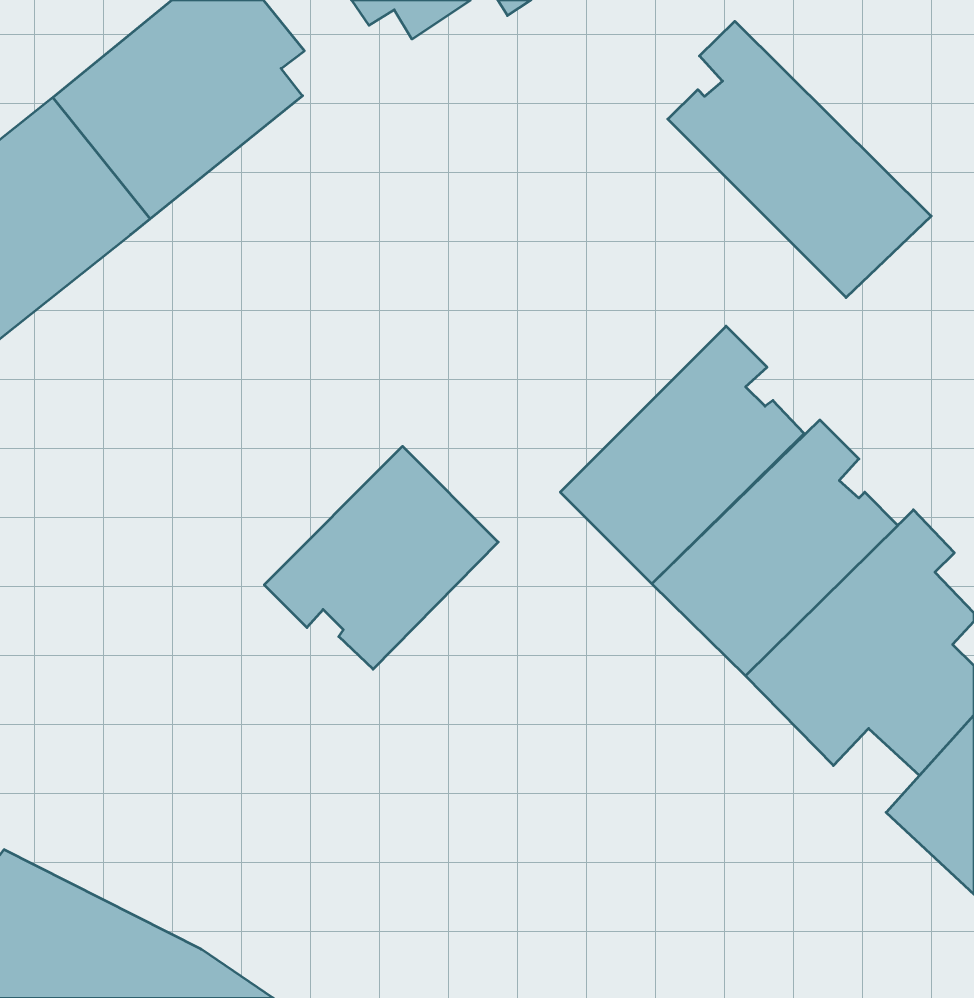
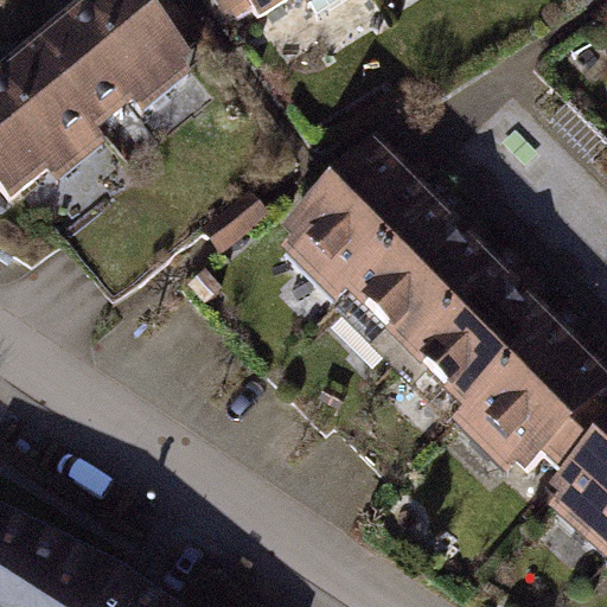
building: [668,21,931,298] -> none
building: none -> [281,153,441,299]
building: [264,446,498,669] -> none

